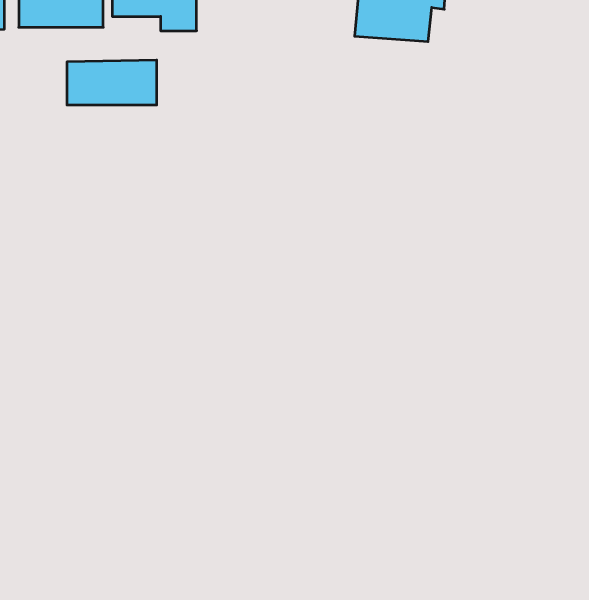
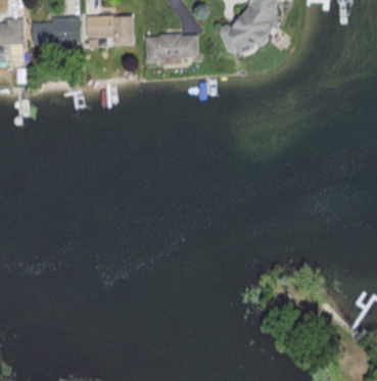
building: [67,60,157,105] -> [146,35,197,60]

